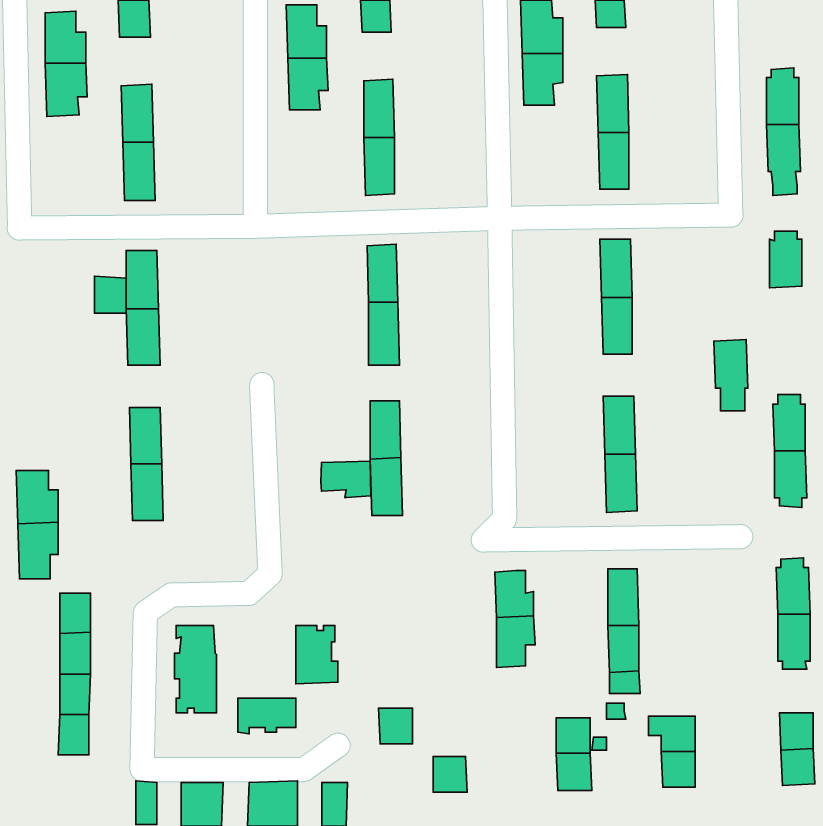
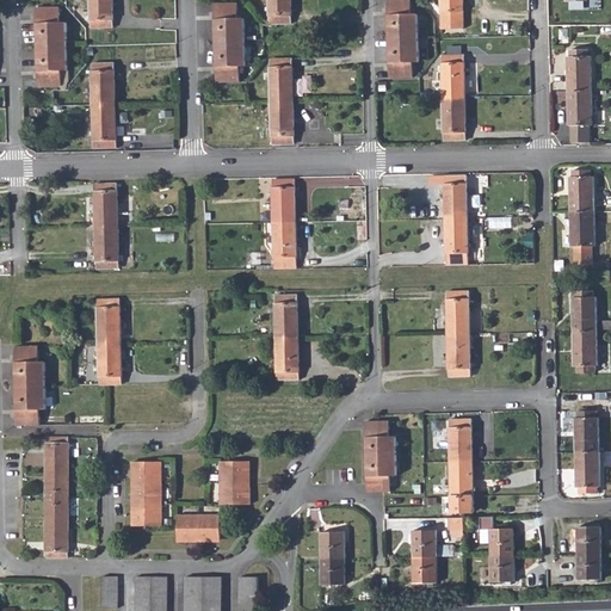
building: [94,276,126,313] -> none
building: [714,340,748,411] -> [568,211,593,264]
building: [321,461,371,498] -> none
building: [378,708,412,744] -> [319,532,344,558]

